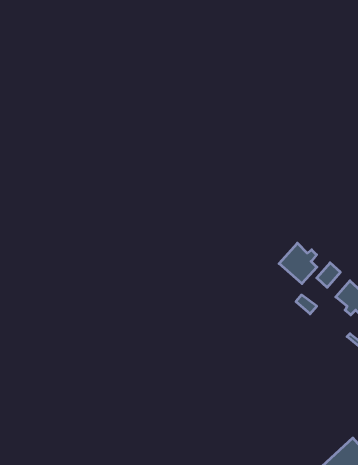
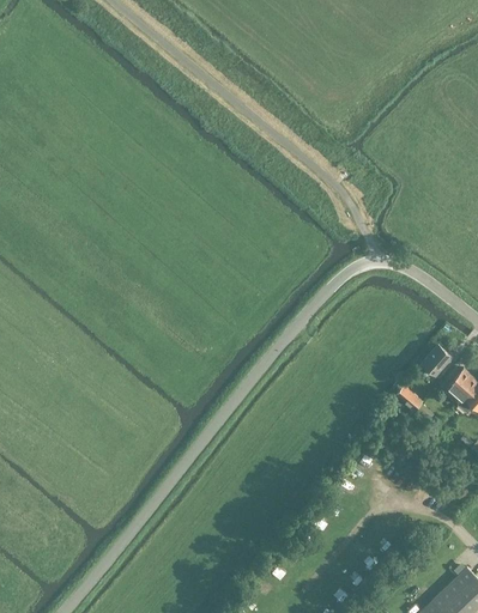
building: [279,243,317,284] -> none

